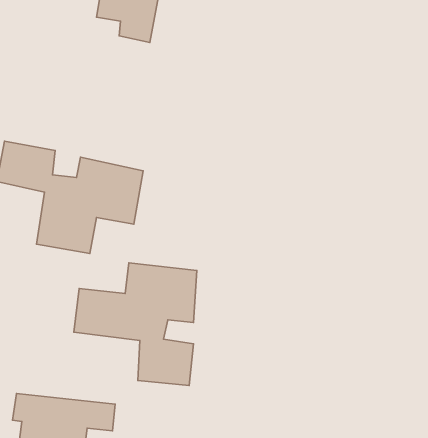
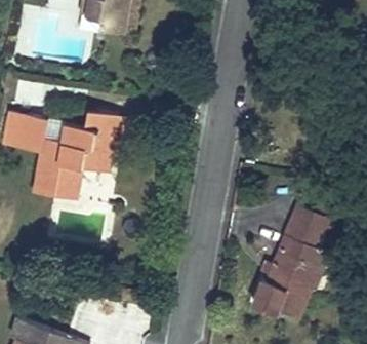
building: [74,263,197,385] -> none
building: none -> [251,208,324,315]

